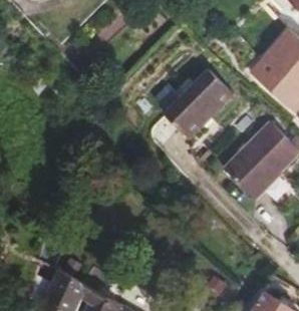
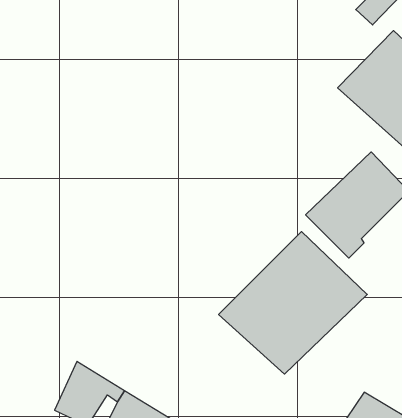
building: [163,64,234,135] -> none
building: none -> [219,232,367,374]

